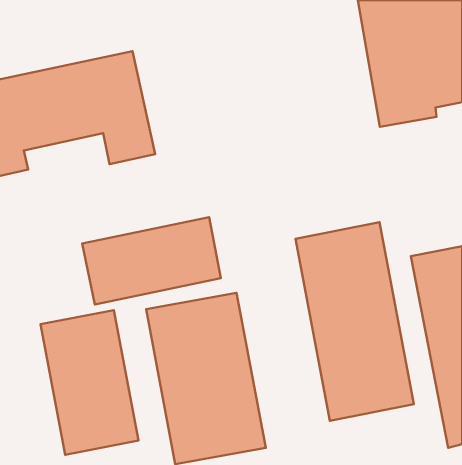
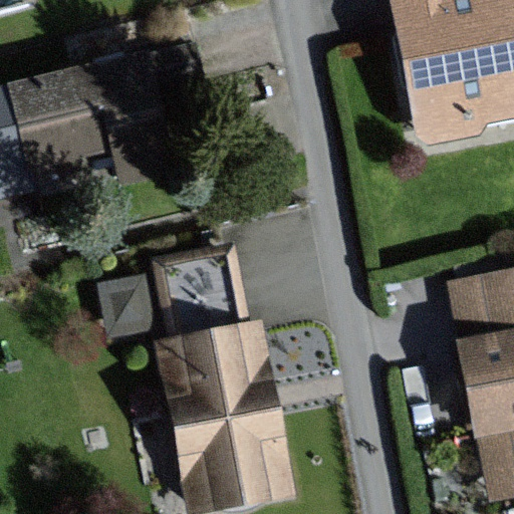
building: [295,222,414,421] -> none
building: [41,310,139,455] -> none

